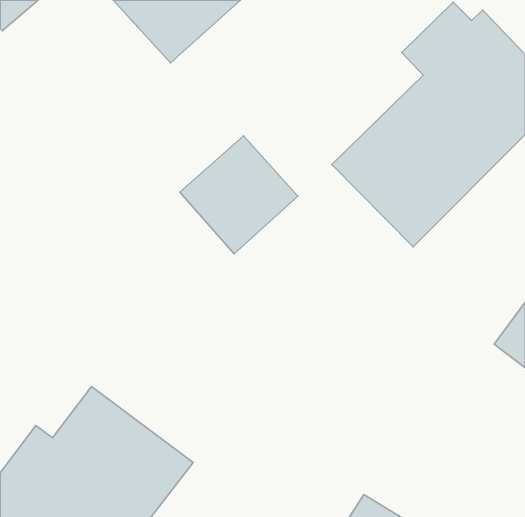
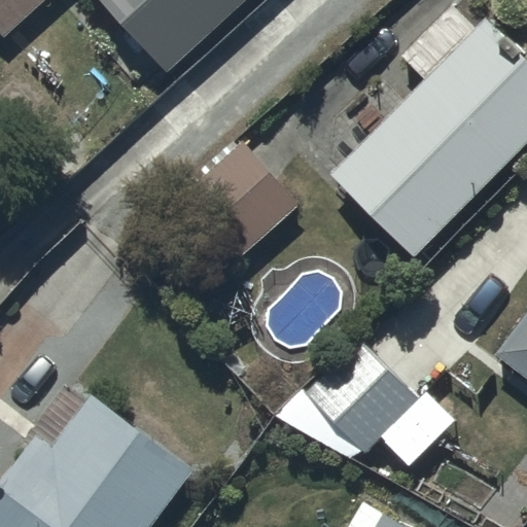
building: none -> [305,344,418,457]

